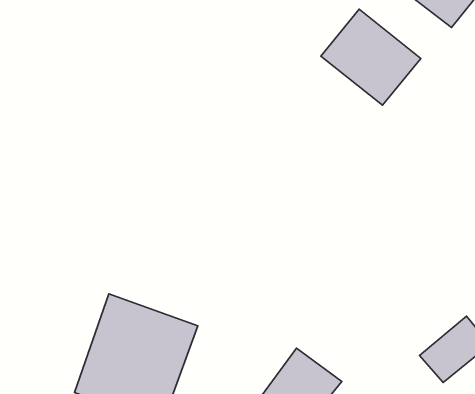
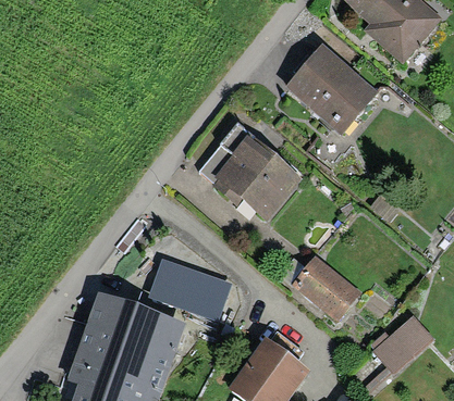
building: none -> [214,135,300,216]
building: none -> [295,258,363,321]
building: none -> [150,260,234,322]

